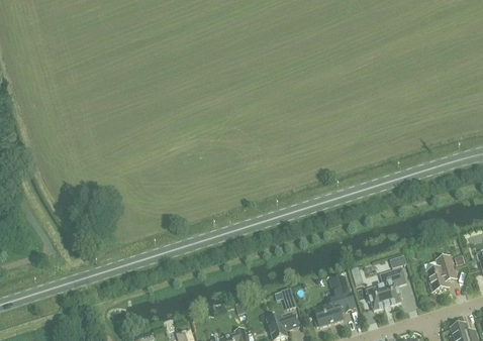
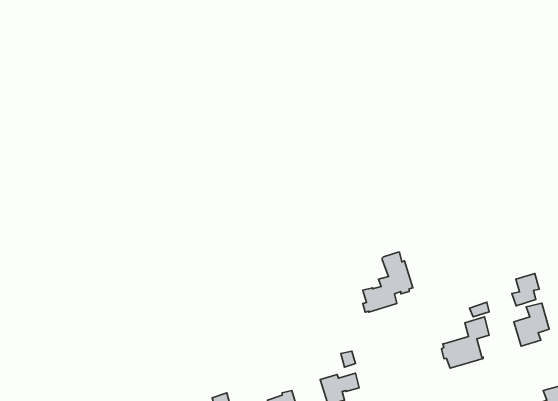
building: none -> [512,273,539,306]
building: [313,275,355,325] -> [363,252,413,312]

